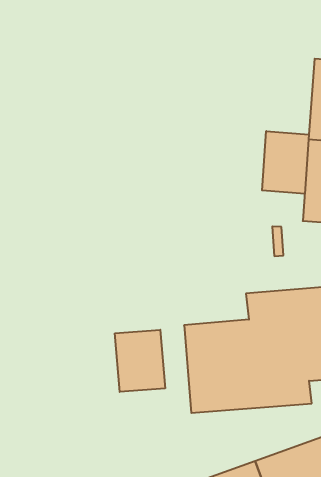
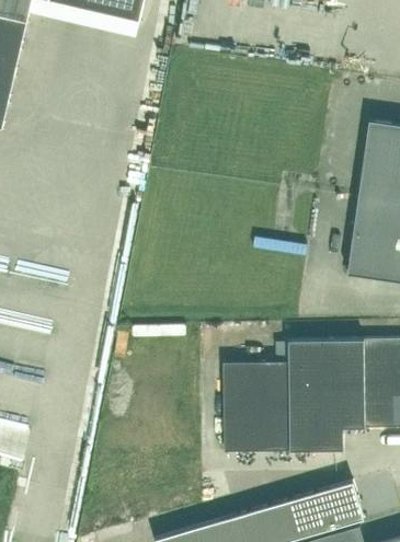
building: [262,131,309,194] -> none
building: [115,330,165,392] -> none

